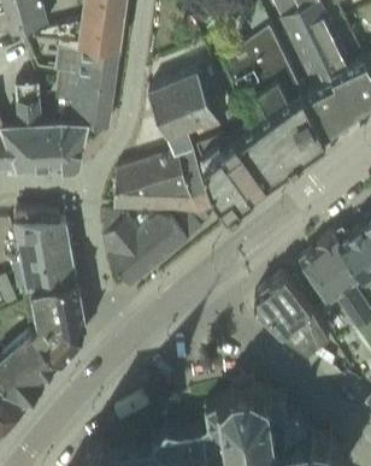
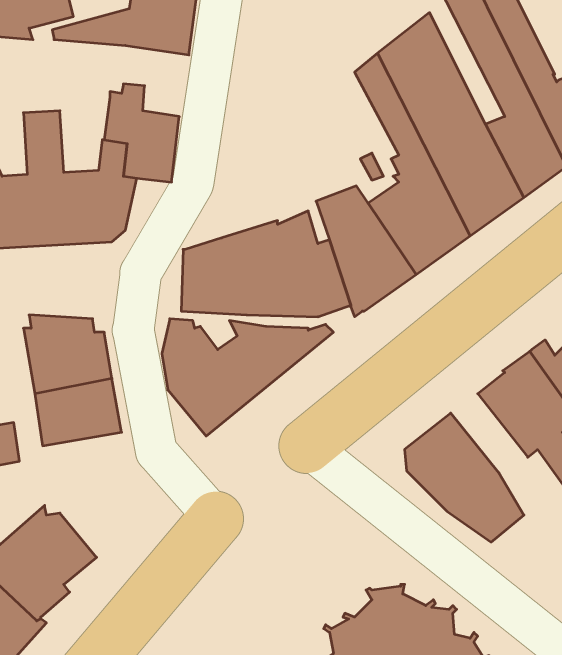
building: [54,43,119,88] -> none
building: [148,72,222,155] -> none
building: [23,285,86,364] -> none

